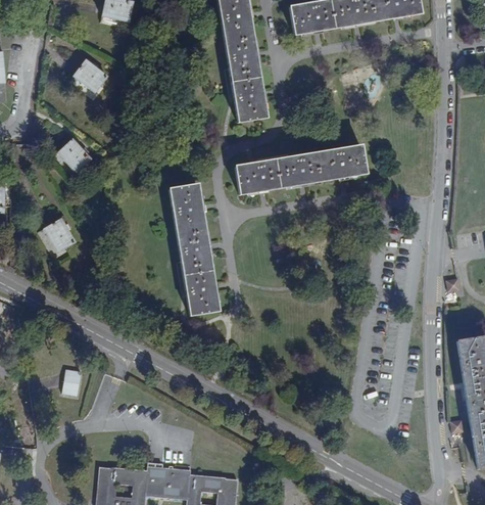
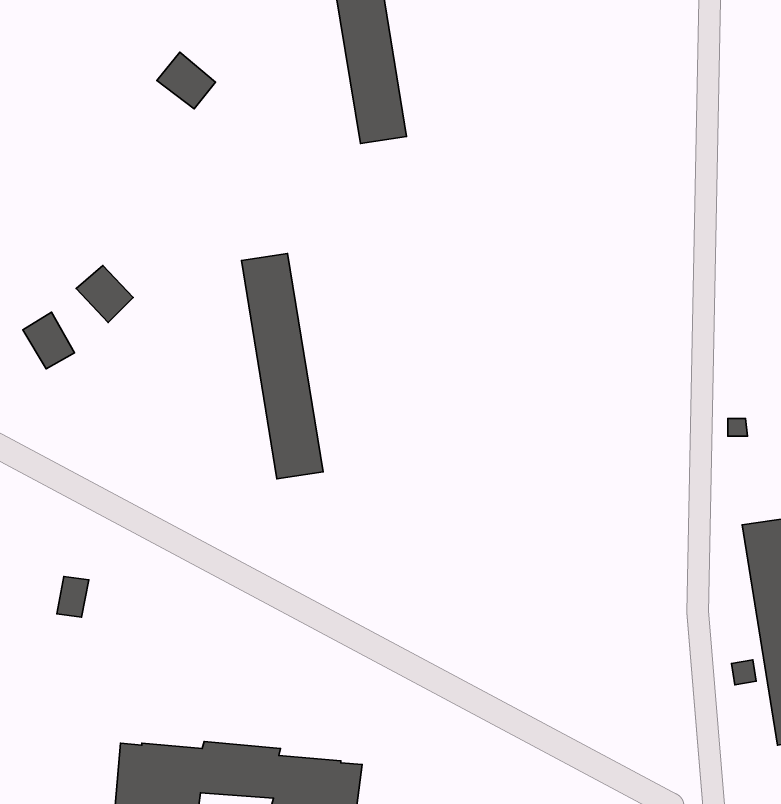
building: [72,58,106,91] -> [157,52,215,109]
building: [57,139,90,172] -> [76,266,133,322]
building: [235,145,366,193] -> none

